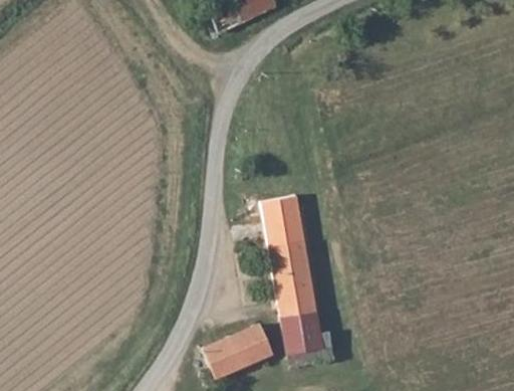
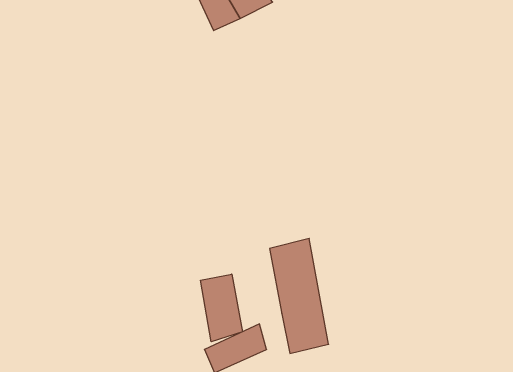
building: [260,194,307,251] -> none
building: none -> [201,274,243,342]

